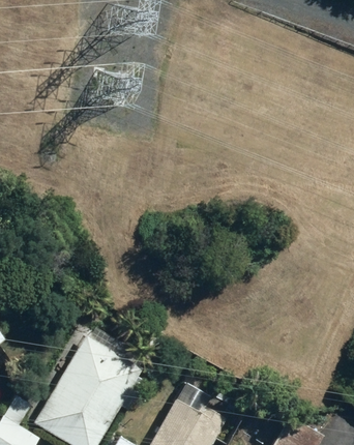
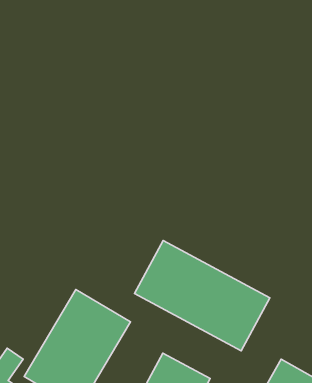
building: none -> [134,240,270,351]

